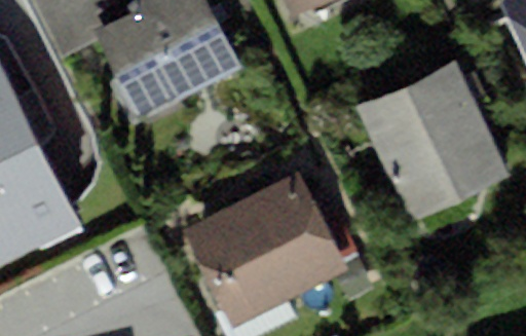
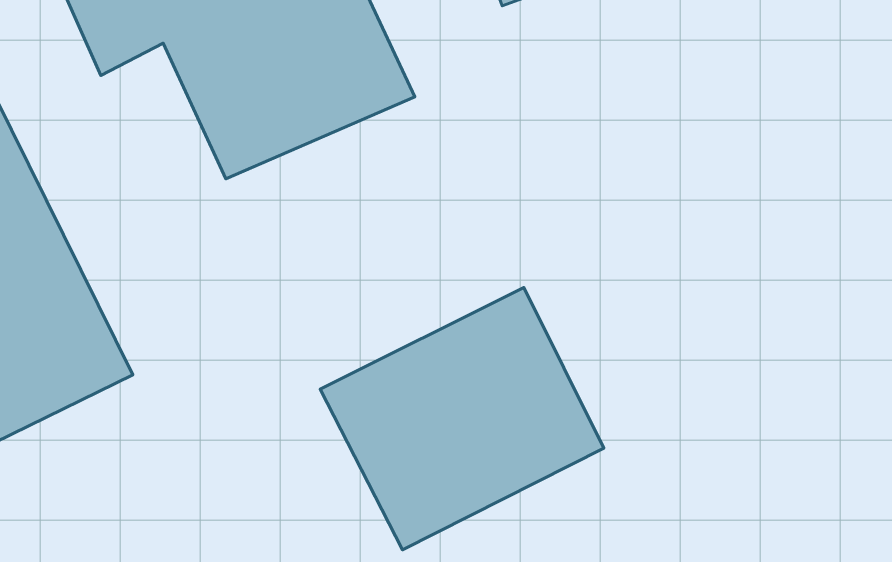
building: [359,65,505,219] -> none

